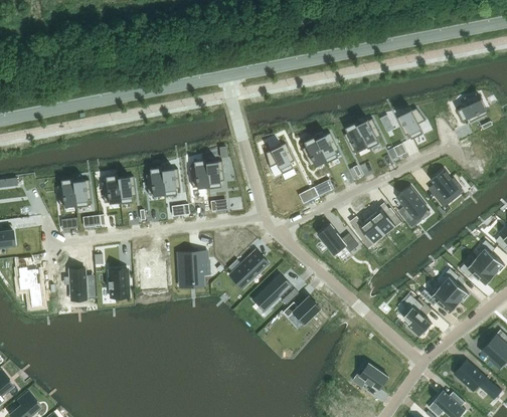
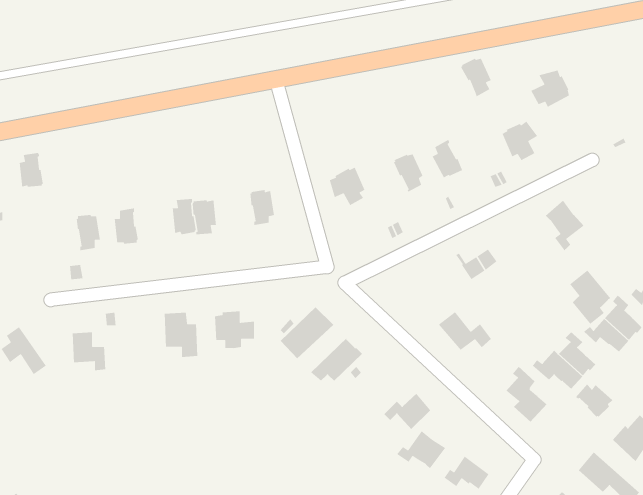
building: [457,93,487,123] -> [530,70,570,108]
building: [356,119,380,149] -> [460,58,492,97]
building: [301,136,325,166] -> none
building: [189,159,208,186] -> none
building: [116,175,135,203] -> none
building: [56,178,75,205] -> [19,152,44,188]
building: [396,186,429,228] -> [569,270,611,325]
building: [317,224,358,254] -> [438,311,492,351]
building: [107,268,128,297] -> none
building: [282,295,318,324] -> [384,393,431,430]
building: none -> [575,383,613,418]
building: none -> [396,430,446,469]

